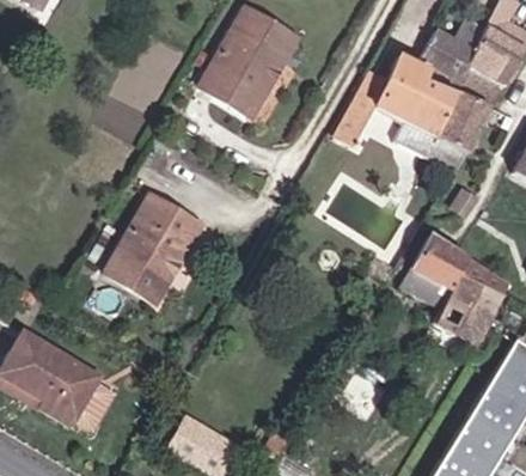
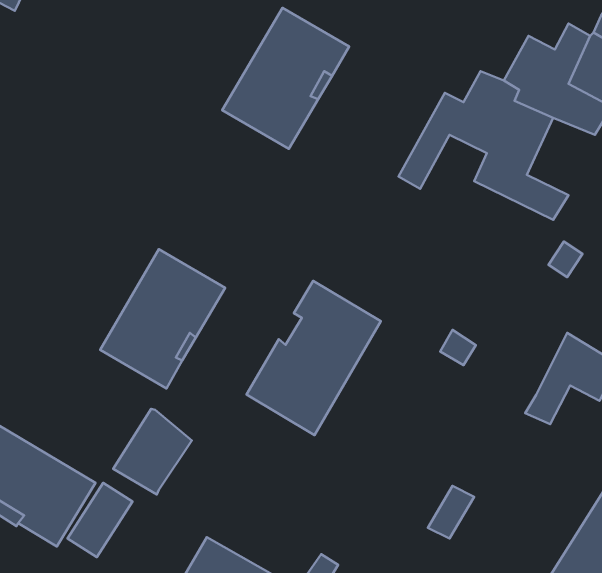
building: [434,92,487,152] -> none
building: none -> [247,281,381,435]
building: [403,234,465,306] -> none
building: none -> [113,409,192,495]

